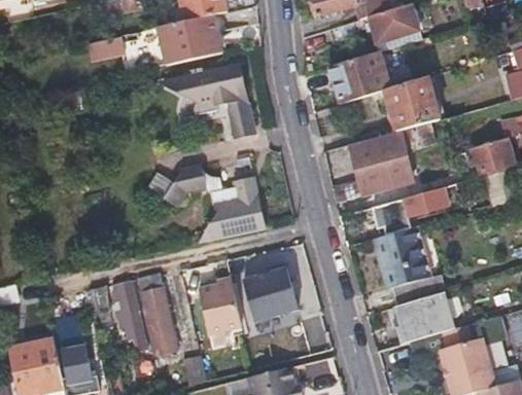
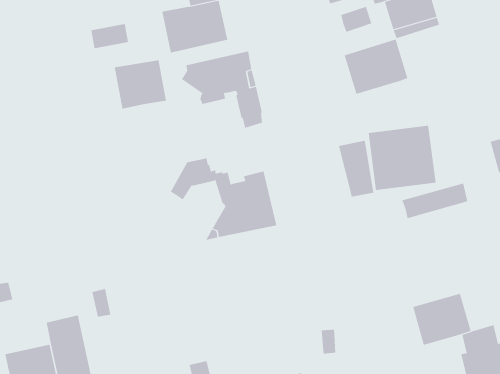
building: none -> [114,59,166,110]
building: [385,77,439,130] -> none
building: [374,228,444,304] -> none
building: [246,266,299,318] -> none
building: [202,280,242,331] -> none
building: [109,282,146,351] -> none
building: [142,287,174,352] -> none

